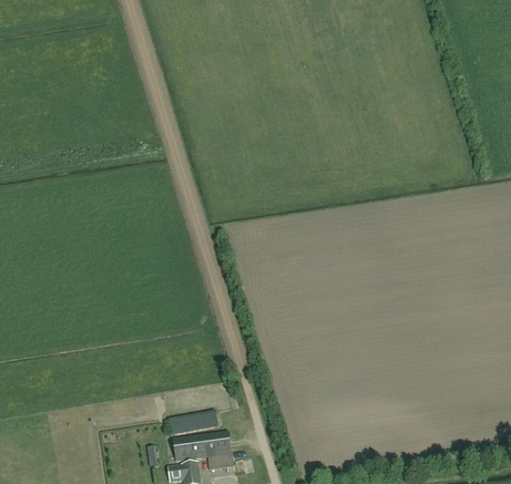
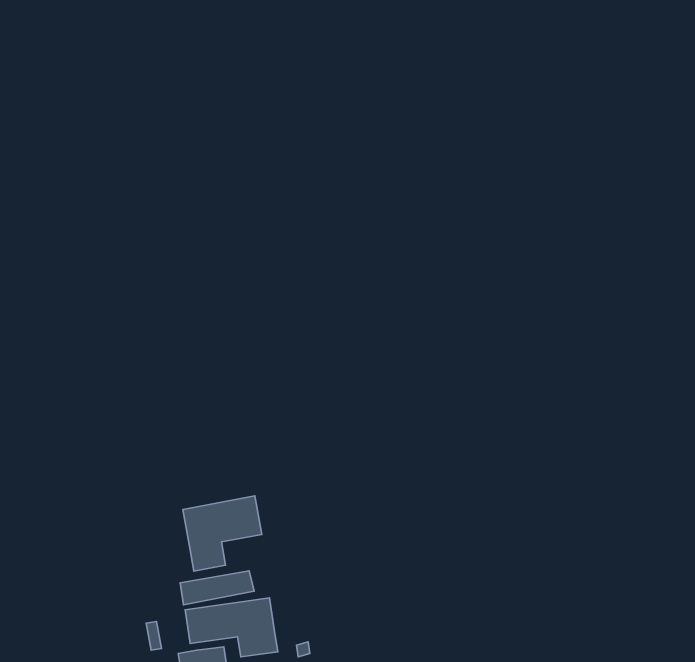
building: none -> [183,496,262,571]

